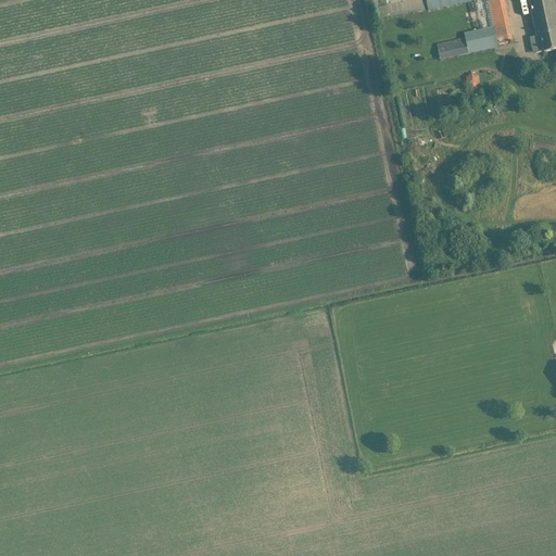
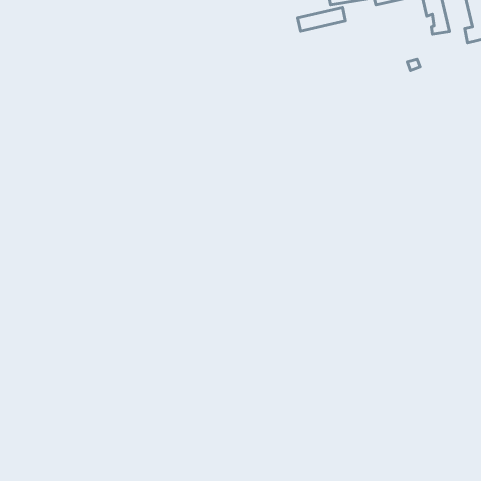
building: [443,27,497,54] -> [298,7,345,31]

